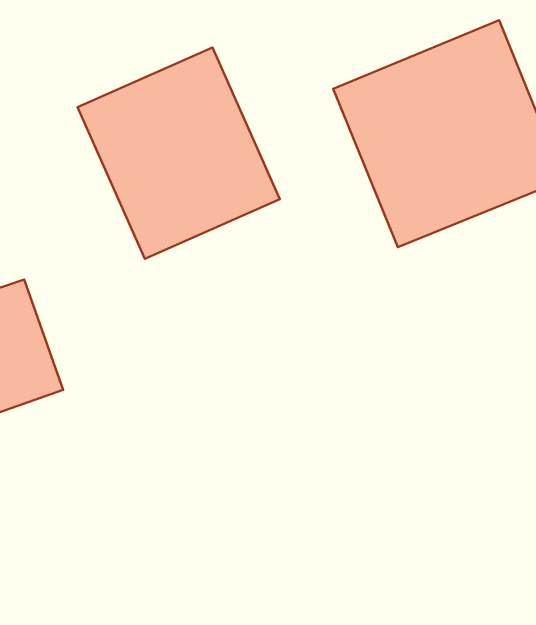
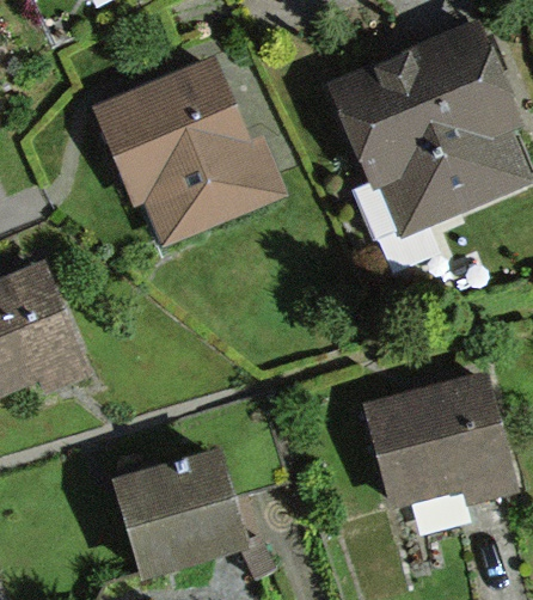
building: none -> [364,374,507,501]
building: none -> [116,448,259,578]

